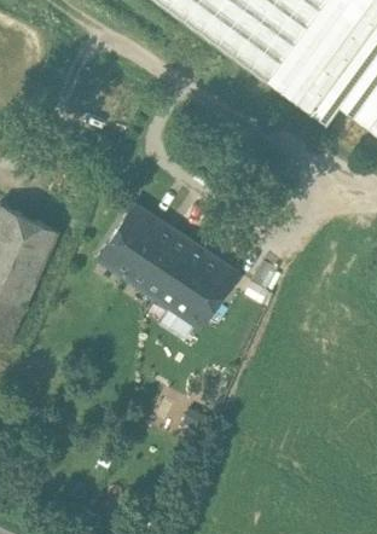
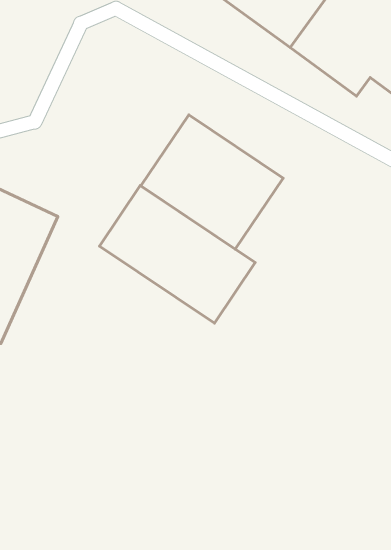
building: none -> [141,115,283,249]

